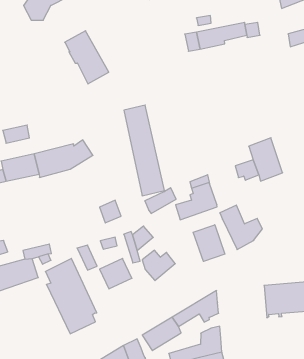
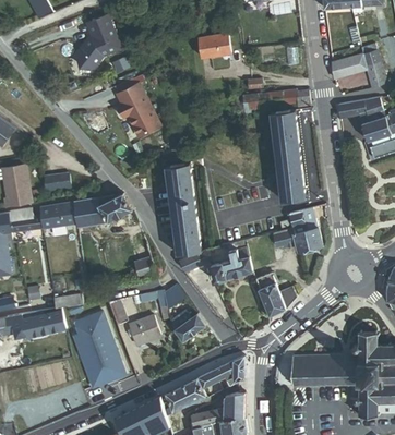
building: none -> [273,110,304,201]
building: [193,225,225,261] -> none

